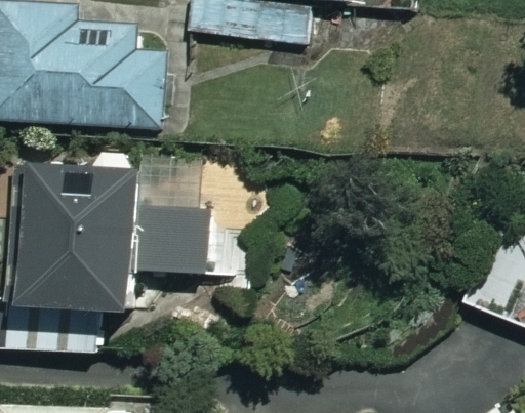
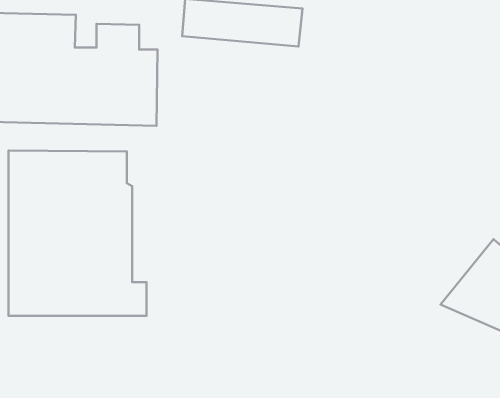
building: [137,188,232,279] -> none

